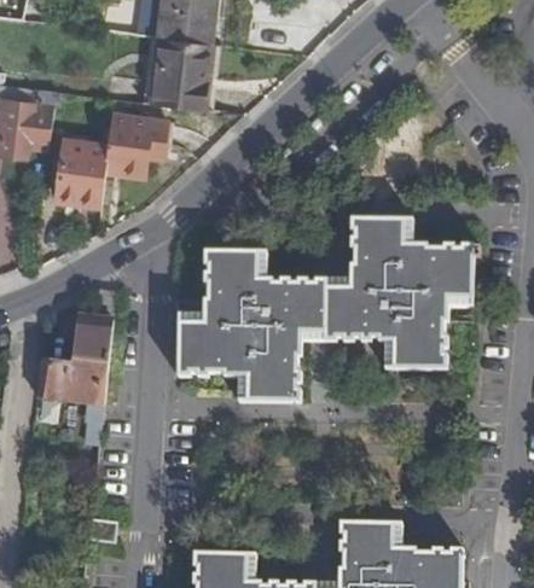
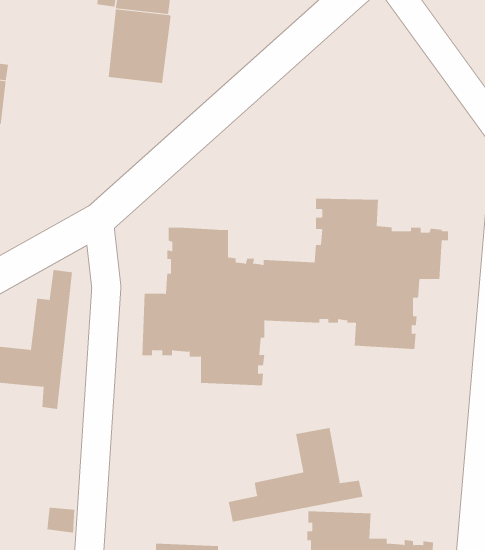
building: [56,113,164,204] -> none
building: none -> [228,427,363,523]

